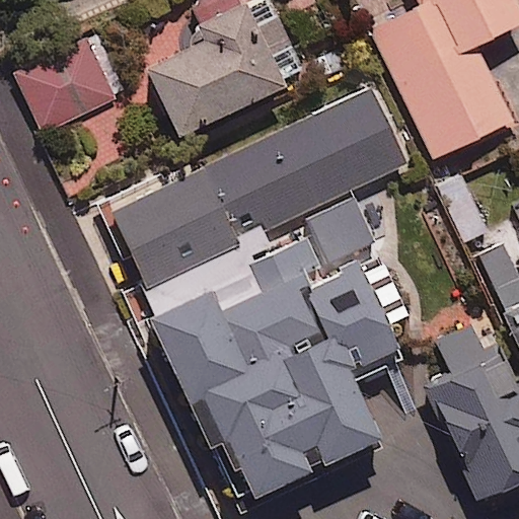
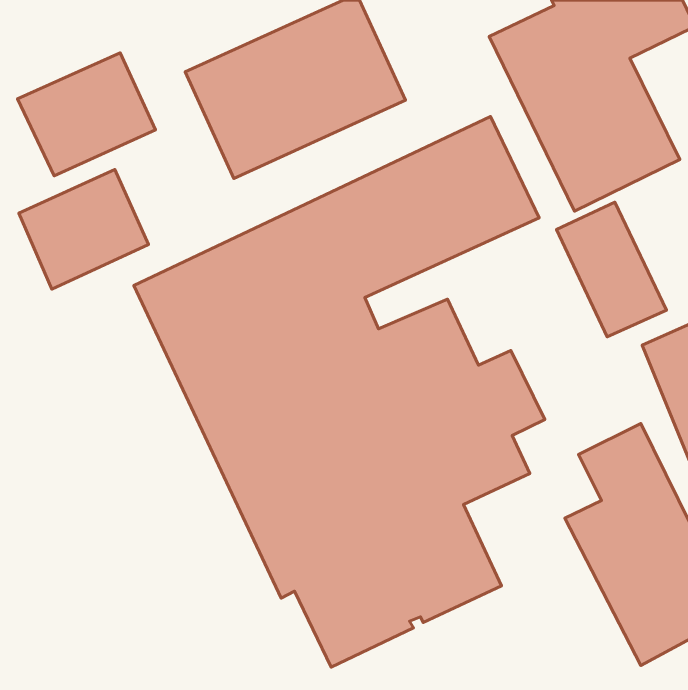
building: none -> [19,170,149,289]
building: none -> [557,202,667,337]

